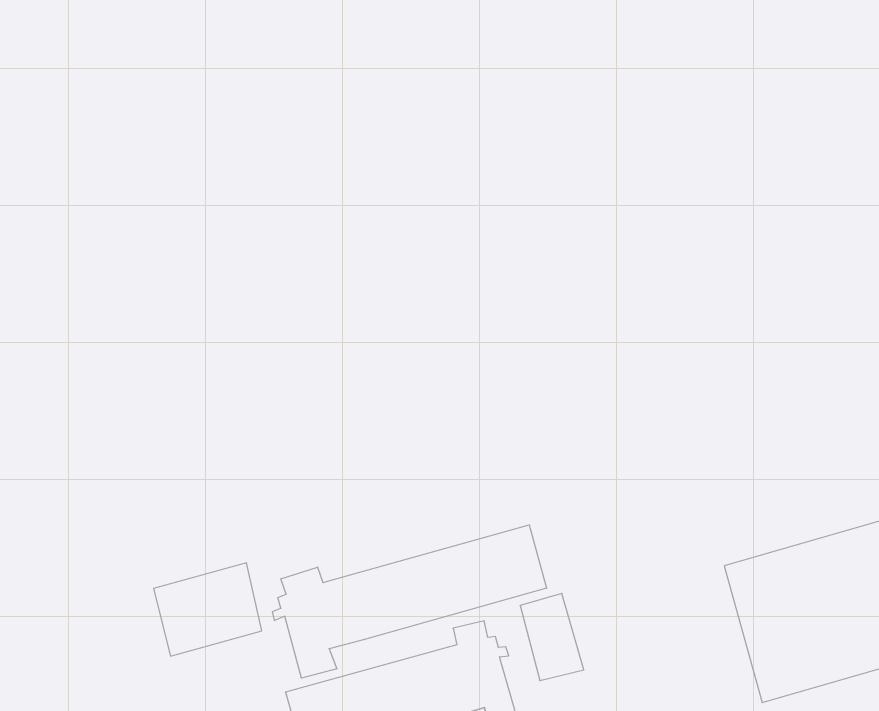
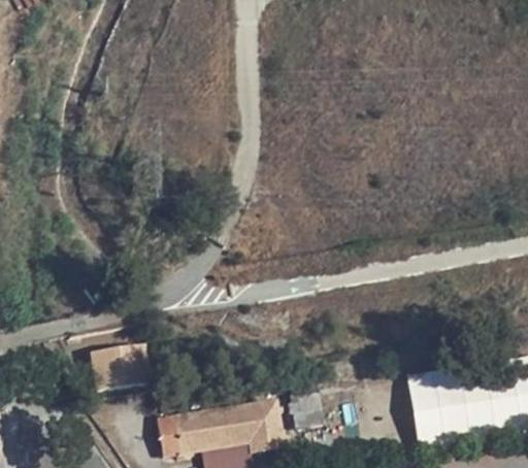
building: [273,525,547,678] -> none

